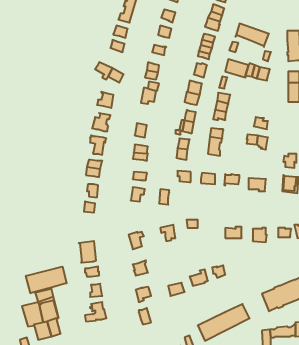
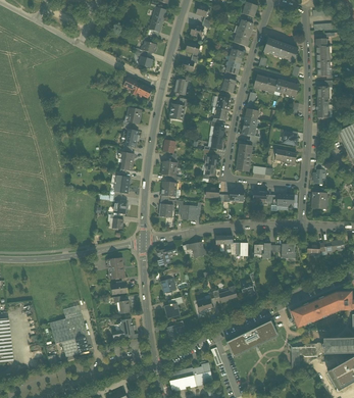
building: [26,267,67,293] -> none

